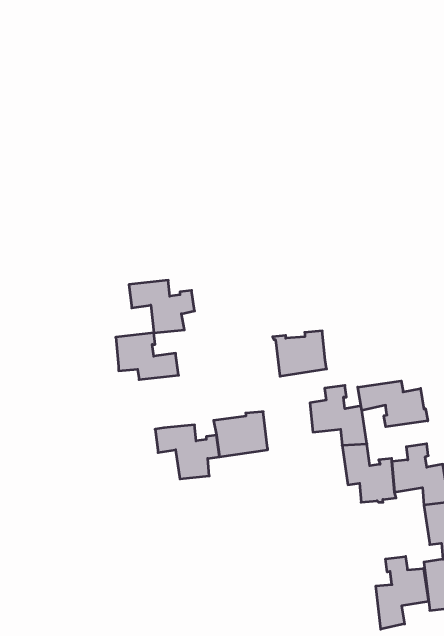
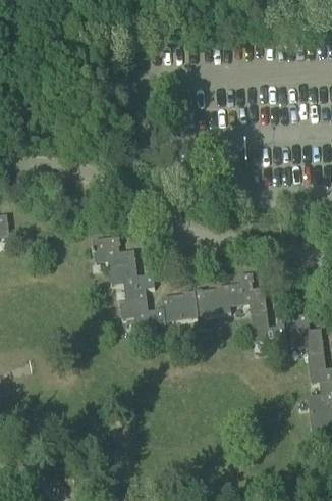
building: [129,280,195,333] -> [108,265,154,302]
building: [273,331,327,376] -> [192,285,230,316]
building: [358,381,428,427] -> none
building: [376,556,429,629] -> none

